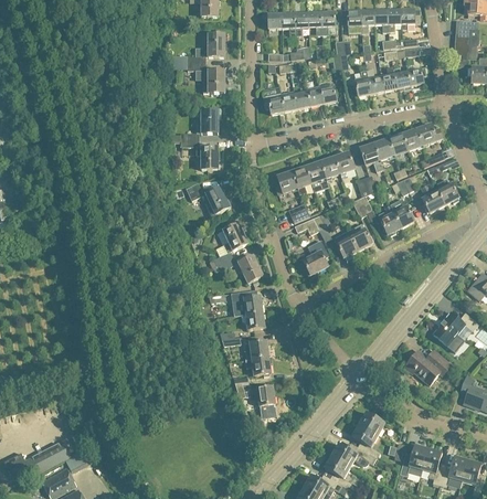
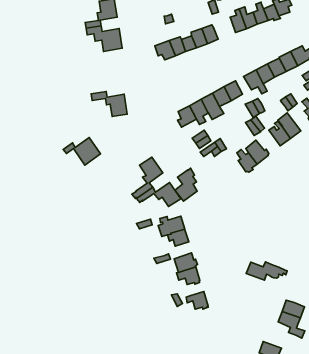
building: [180,110,218,139] -> none
building: [188,185,230,216] -> [63,137,100,165]
building: [301,238,328,275] -> [175,168,197,201]
building: [330,443,378,466] -> [246,262,287,280]

